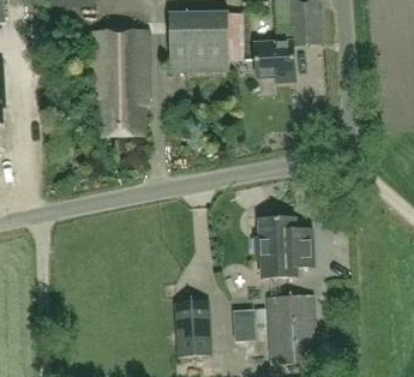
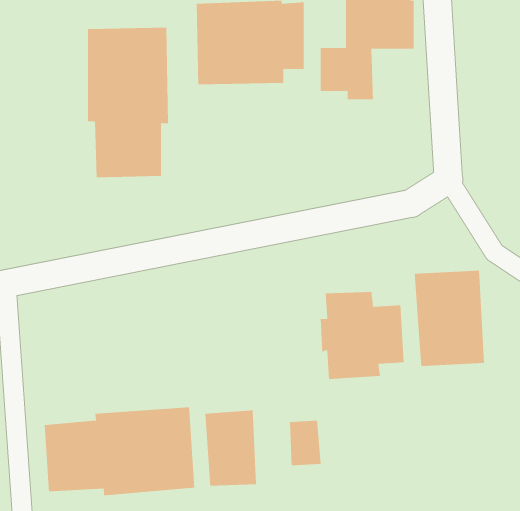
building: [266,294,317,363] -> [414,270,485,367]
building: none -> [44,407,195,496]

